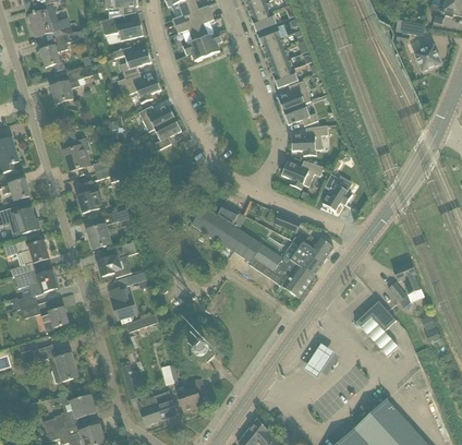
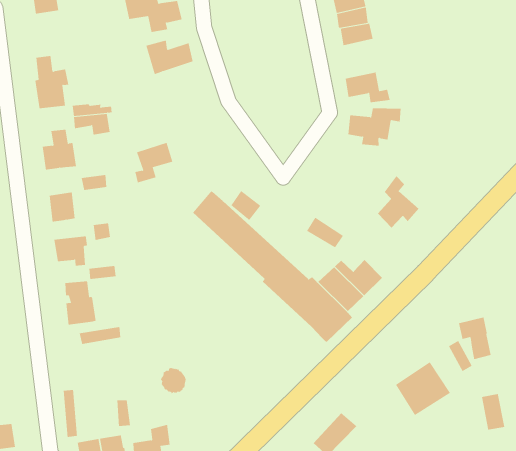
building: [277,80,309,110] -> none
building: [153,117,180,149] -> [134,142,173,183]
building: [280,159,324,188] -> none

